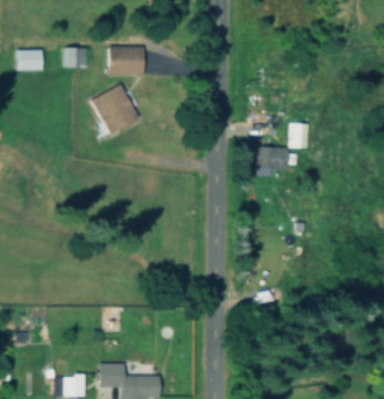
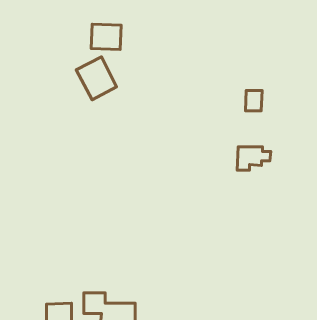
building: [63,48,87,68] -> none
building: [15,51,40,72] -> none
building: [257,149,297,176] -> [237,147,271,170]

